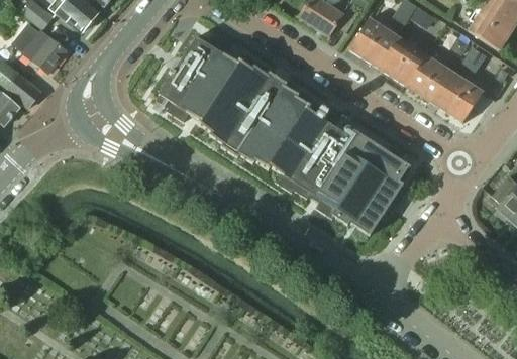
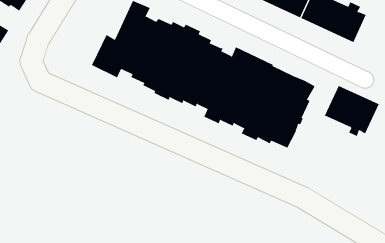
building: none -> [324,85,379,137]

